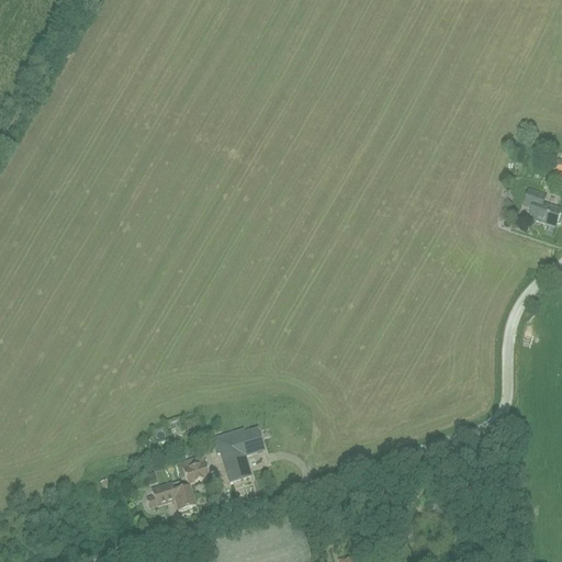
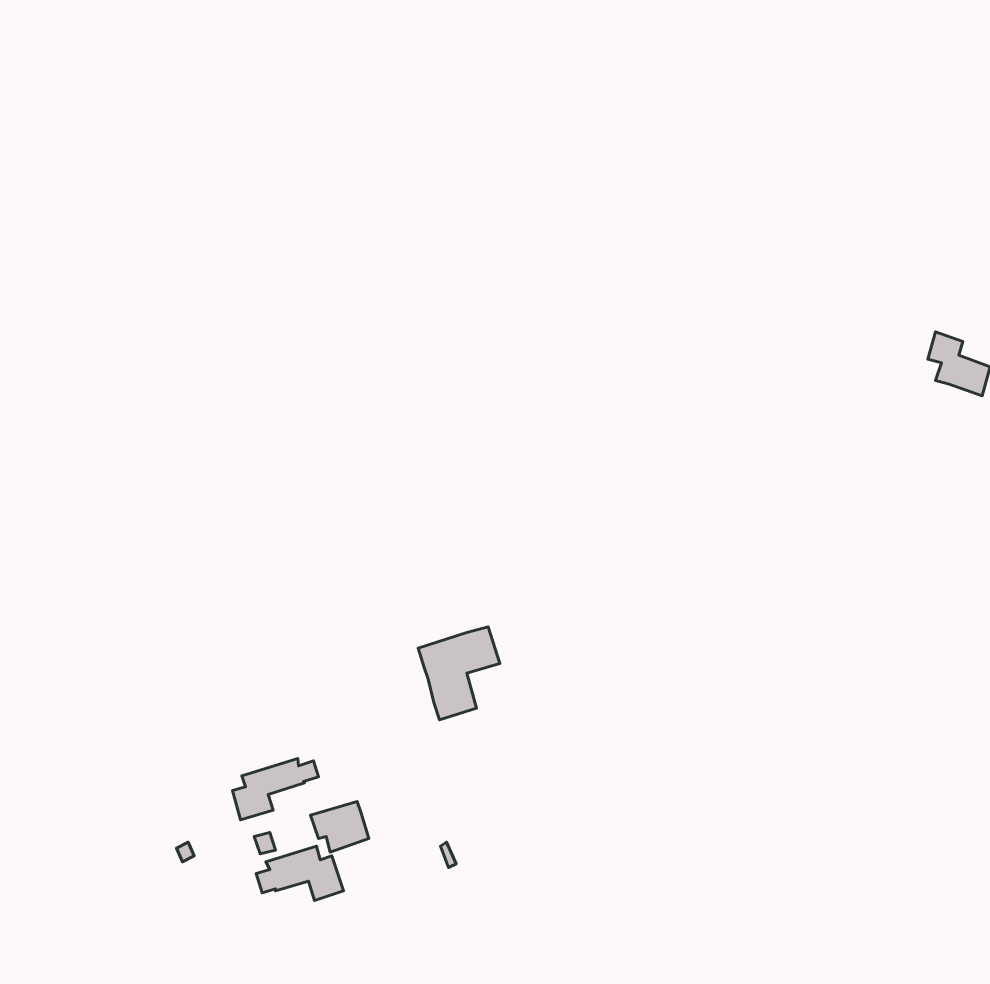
building: [216,427,262,480] -> [418,627,500,720]
building: none -> [232,759,318,820]

